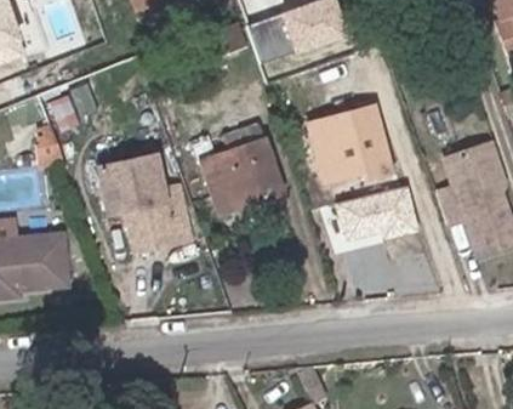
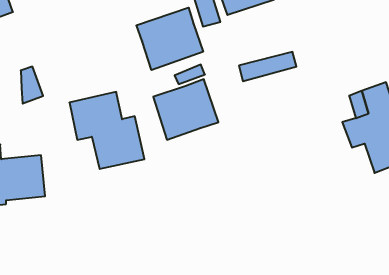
building: none -> [136,8,203,70]
building: [313,121,392,180] -> none
building: [338,187,417,246] -> none

